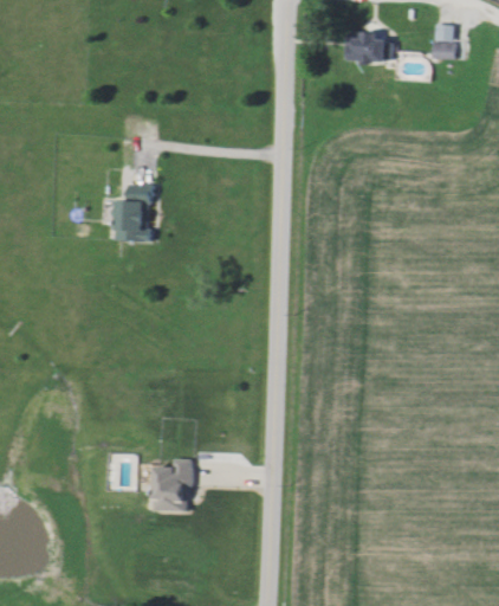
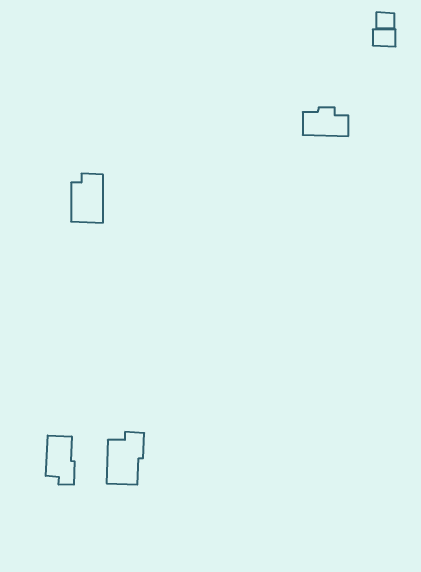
building: [344,32,391,62] -> [303,107,348,136]
building: none -> [46,435,75,485]

